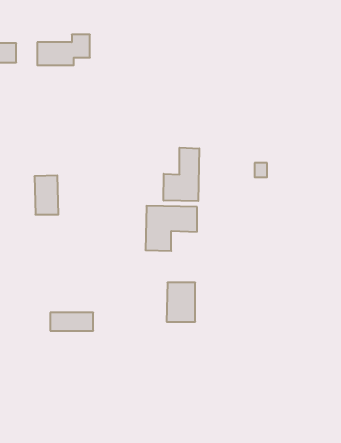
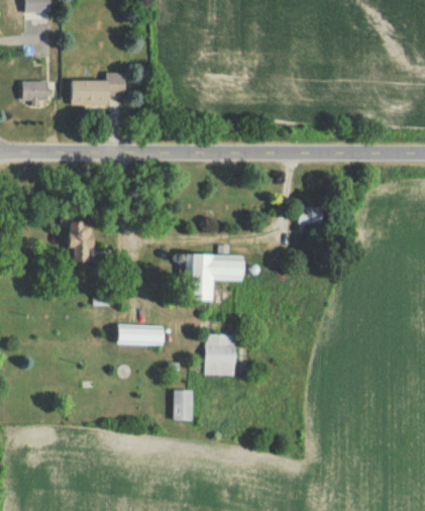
building: [164,148,199,201] -> none
building: [50,313,93,331] -> [117,326,163,345]
building: none -> [176,390,195,421]

